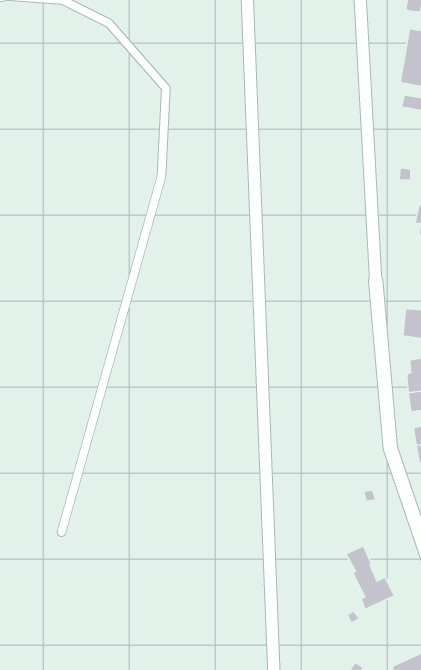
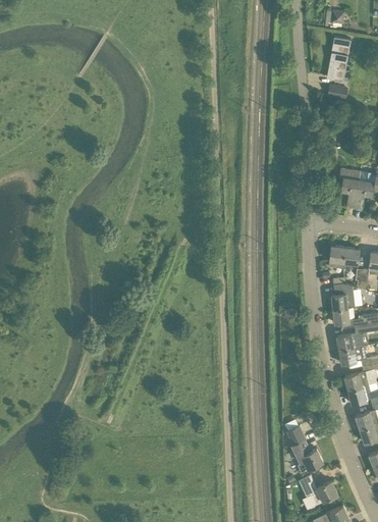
building: none -> [298,474,337,508]

